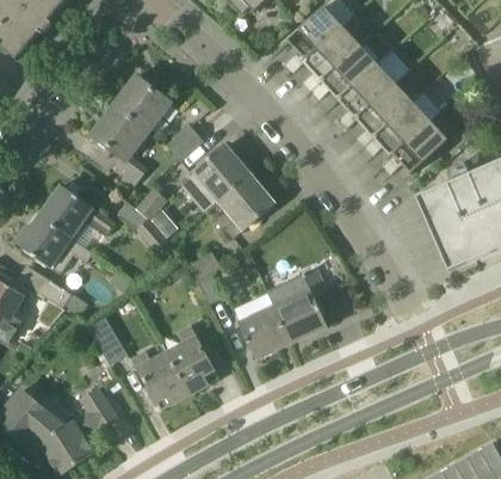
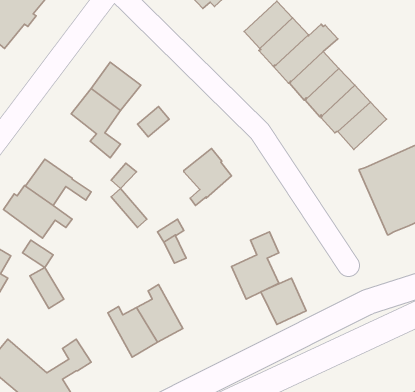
building: [179,143,250,210] -> none
building: [239,305,290,357] -> [261,278,306,325]
building: [88,315,126,362] -> [30,268,64,309]

